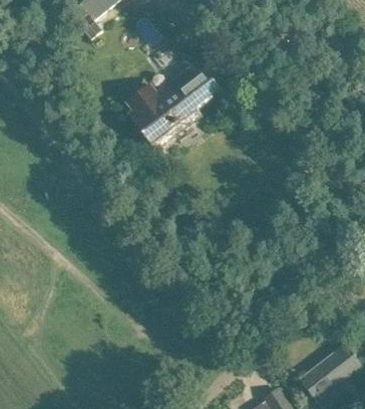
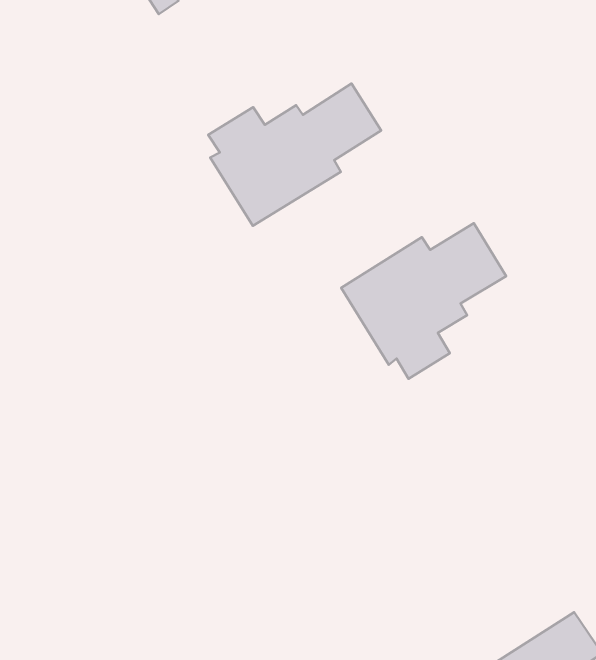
building: none -> [341,223,506,379]

